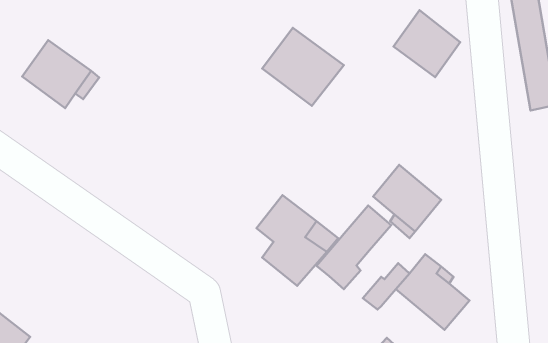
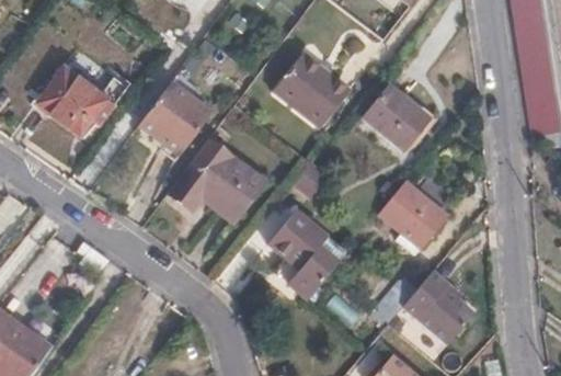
building: [393,10,460,77] -> [362,84,426,149]
building: none -> [138,83,210,155]
building: none -> [169,137,265,220]
building: [316,206,391,289] -> none

